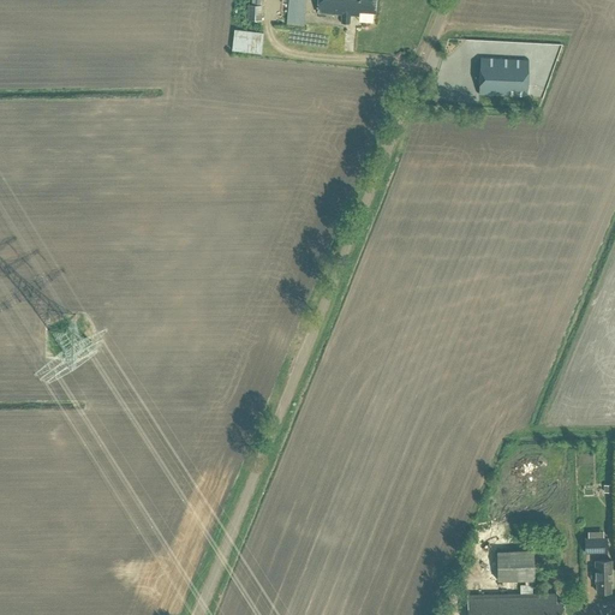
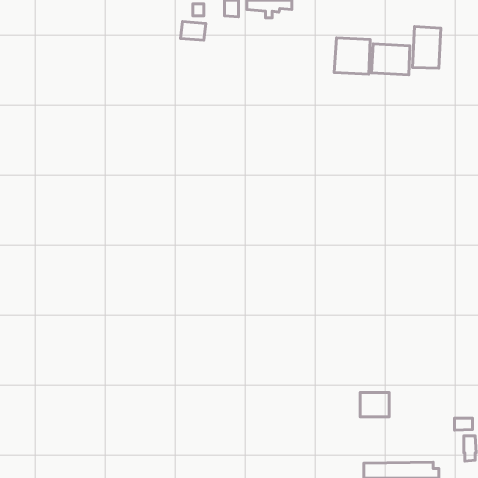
building: none -> [412,26,441,68]
building: none -> [334,38,370,74]
building: [498,548,536,579] -> [360,393,389,417]

